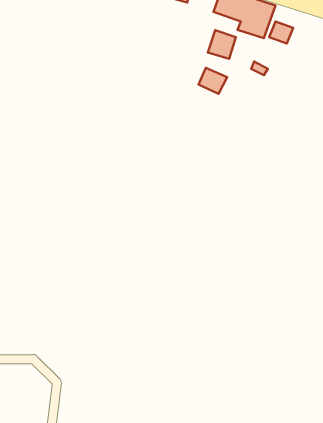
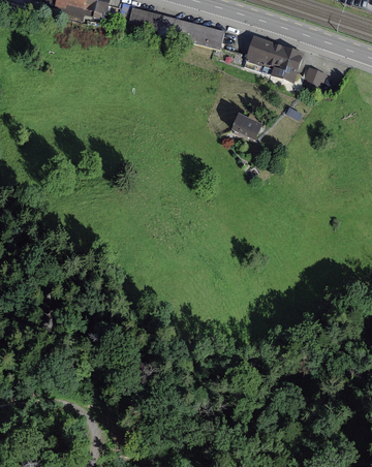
building: [208,30,236,59] -> none

